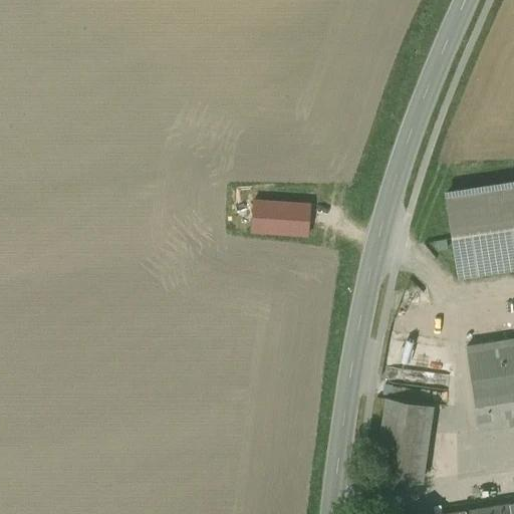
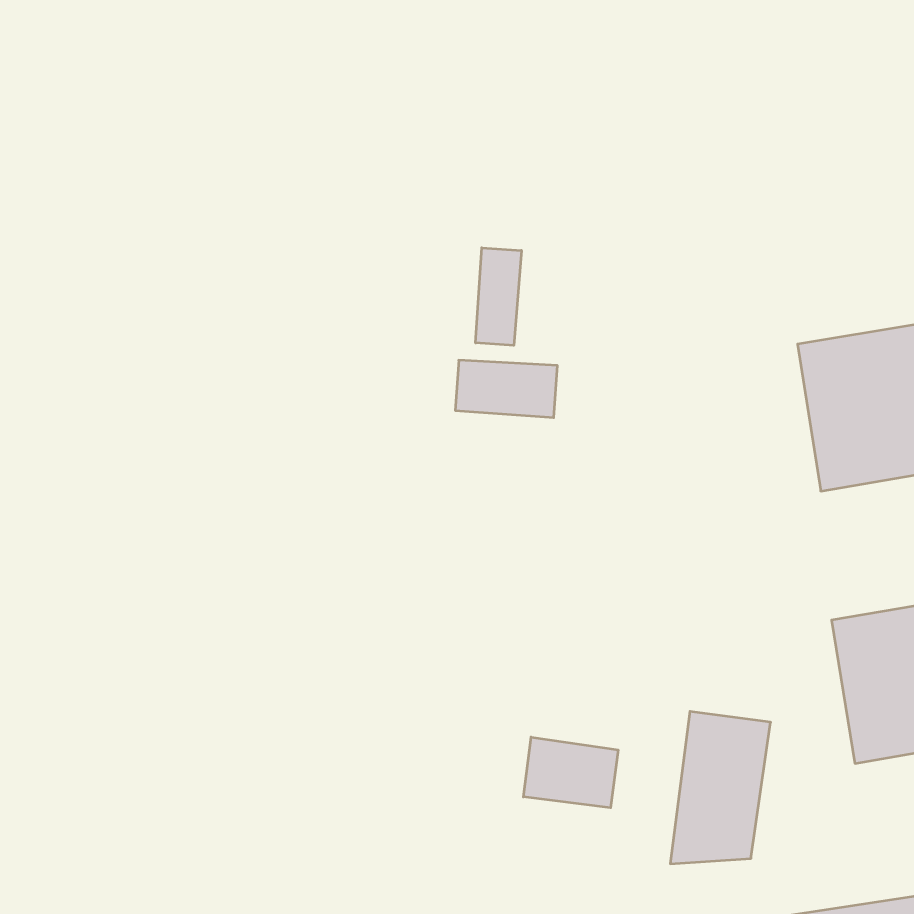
building: none -> [476,248,521,345]
building: none -> [523,737,618,808]

